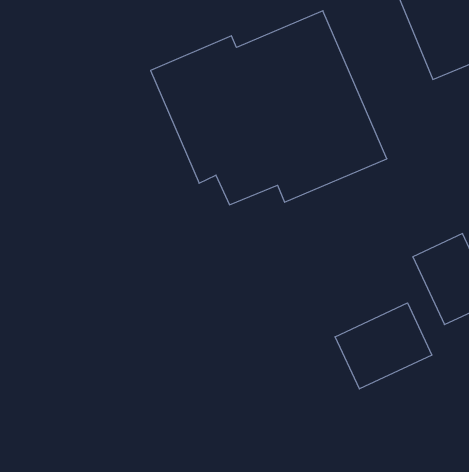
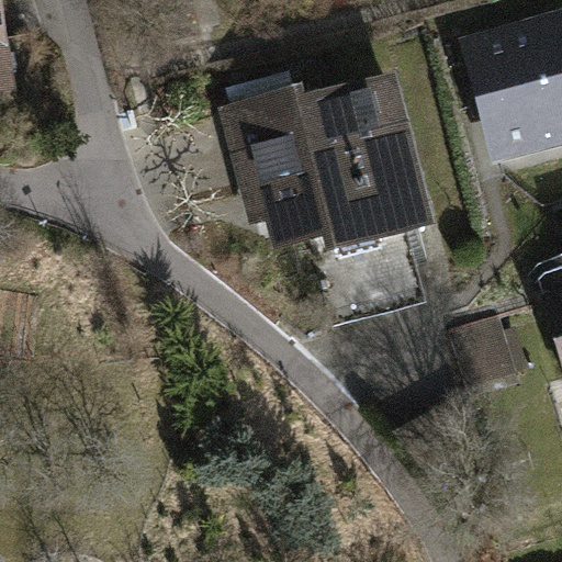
building: [335,303,432,389] -> none

